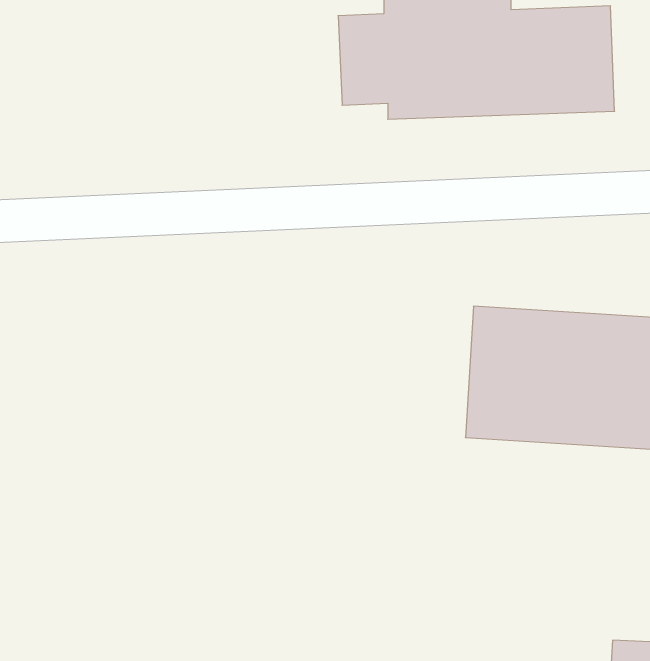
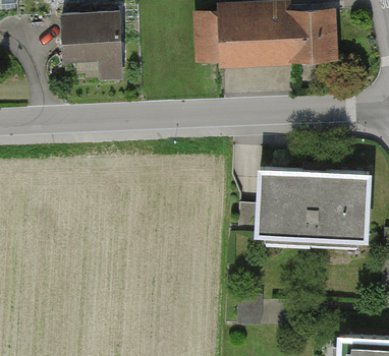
building: none -> [60,12,120,81]

